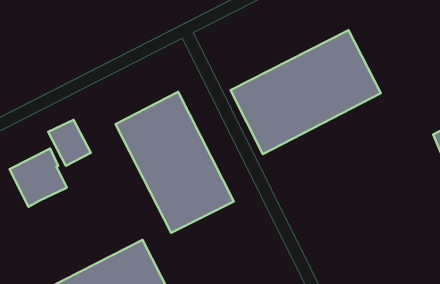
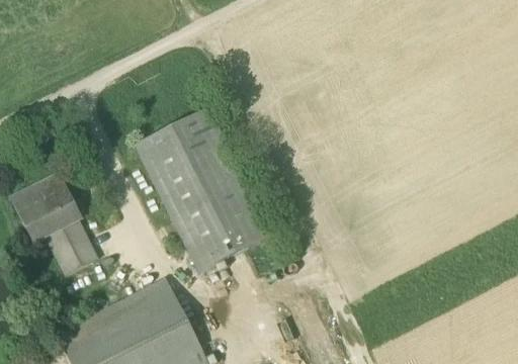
building: [231,30,381,154] -> none
building: [48,120,91,166] -> [48,220,97,274]

